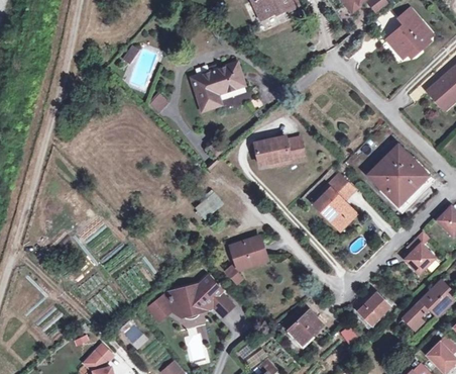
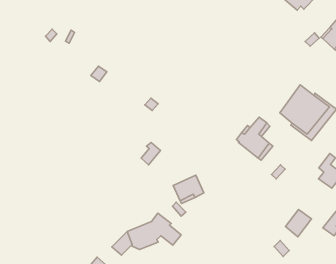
building: [192,62,244,110] -> none
building: [254,136,305,164] -> none
building: [289,310,323,343] -> none

